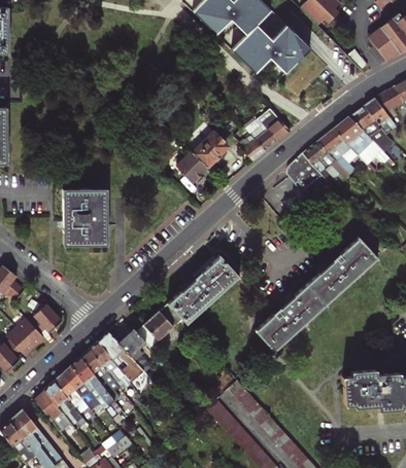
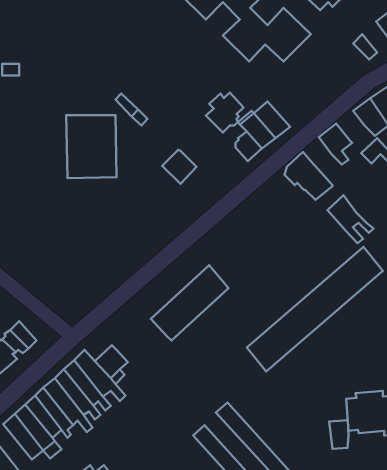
building: [334,117,371,155] -> none
building: [194,133,228,169] -> [206,93,243,133]
building: [304,141,345,184] -> [328,195,373,243]
building: [269,185,297,213] -> none
building: [65,189,110,246] -> [66,115,117,178]
building: [136,304,181,349] -> none
building: none -> [329,420,349,449]

